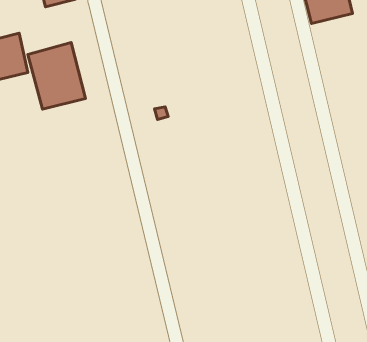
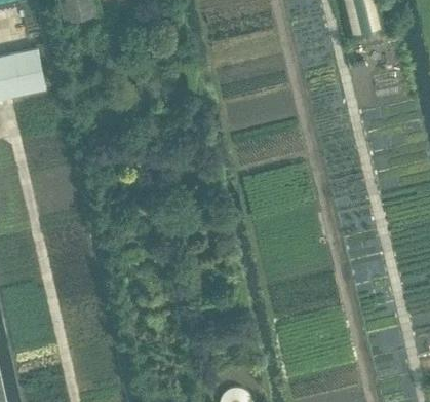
building: [28,42,85,109] -> none

